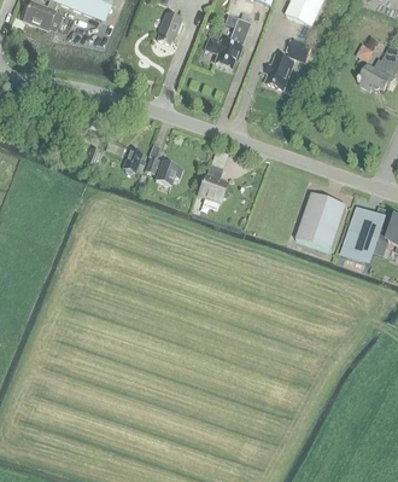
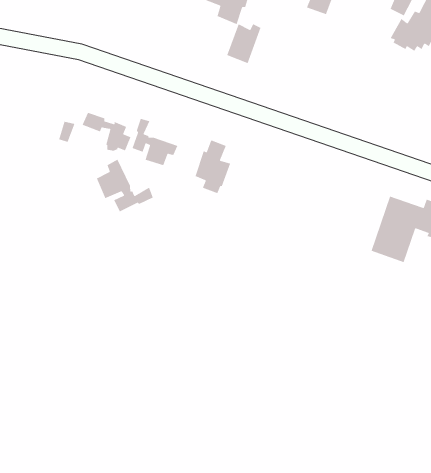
building: [265,54,294,88] -> [226,23,261,64]
building: none -> [96,158,154,213]
building: [295,192,346,250] -> none

